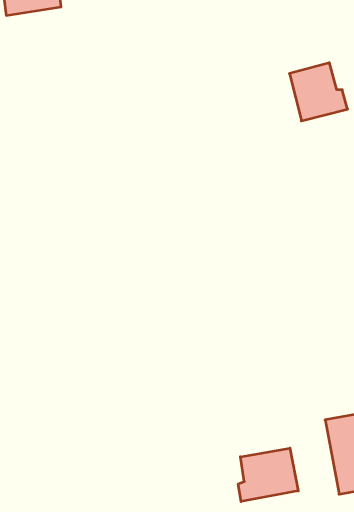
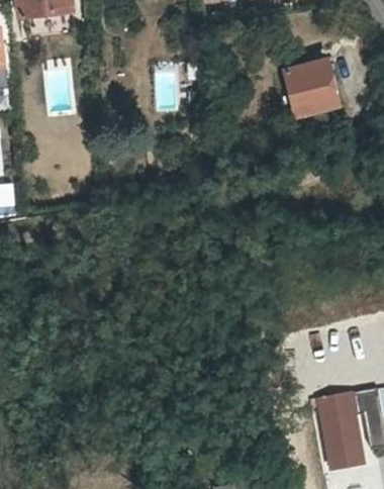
building: [238,448,298,502] -> none

